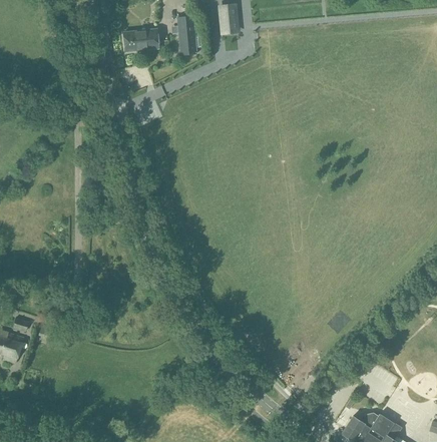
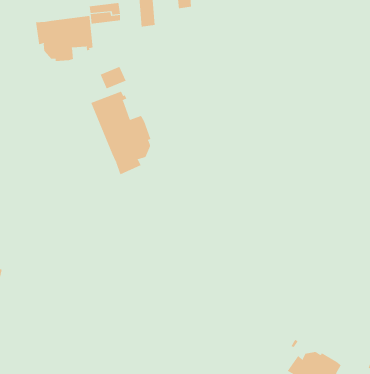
building: none -> [35,15,93,62]
building: none -> [91,91,151,175]

